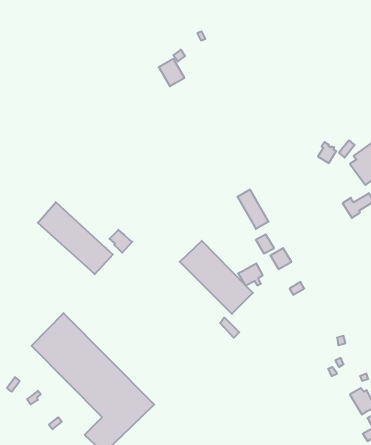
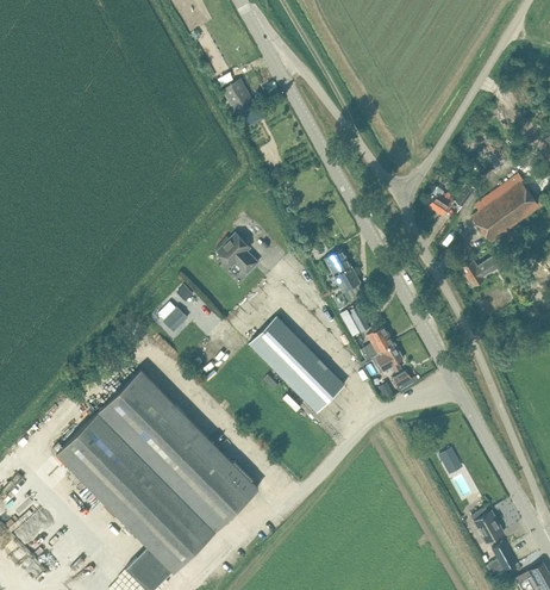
building: none -> [217,234,257,275]
building: [38,202,113,274] -> none
building: [238,263,263,285] -> [370,344,402,373]
building: none -> [98,369,258,530]

